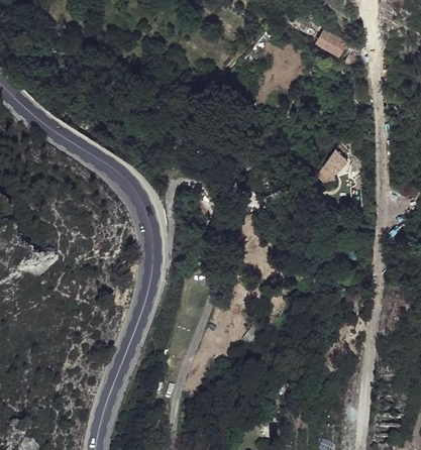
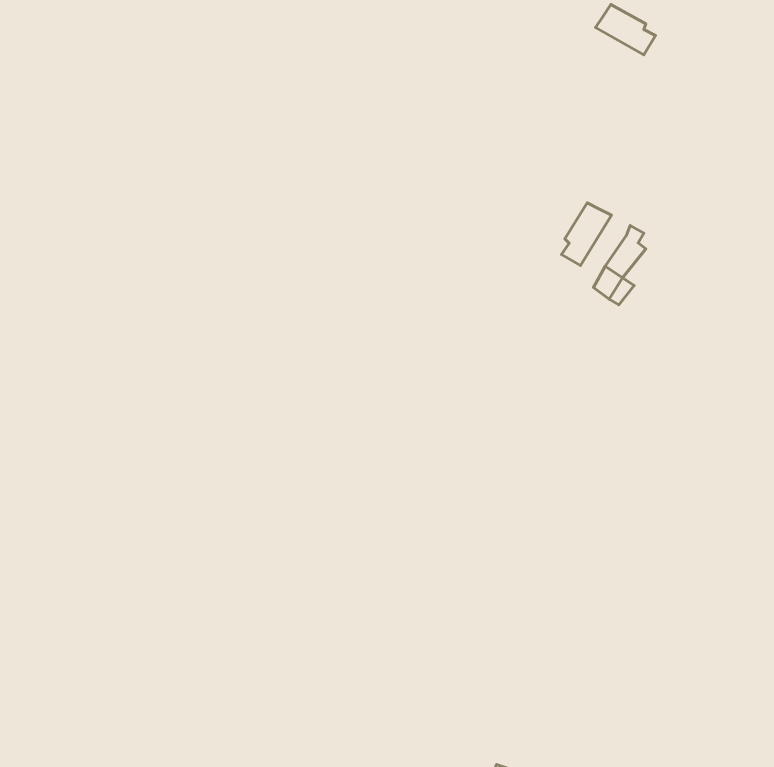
building: none -> [562,203,612,265]

